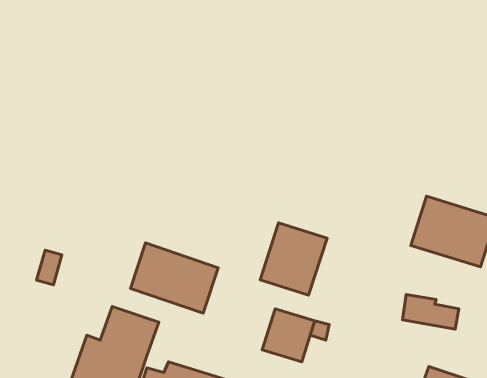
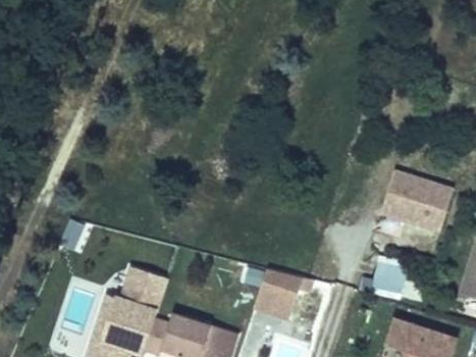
building: [260,223,327,295] -> none
building: [130,243,218,313] -> none

